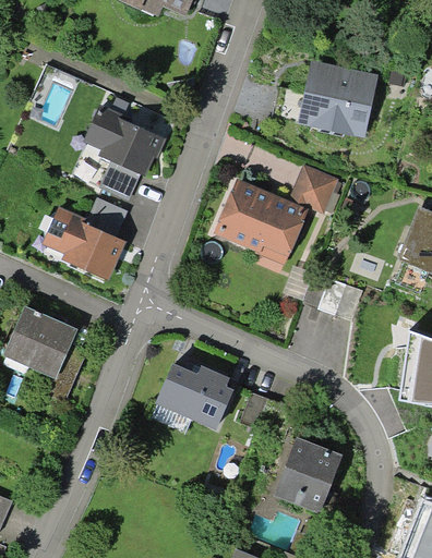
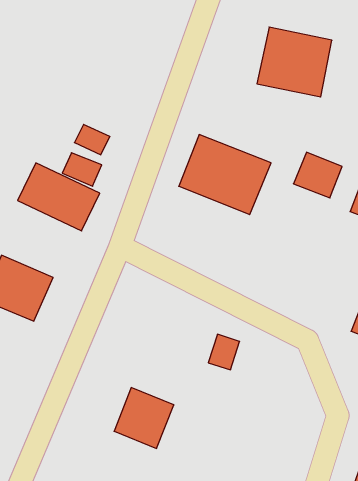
building: [86,108,163,177] -> none
building: [290,162,343,211] -> [293,152,342,198]
building: [153,359,217,424] -> [114,388,174,448]
building: [274,438,343,513] -> none

